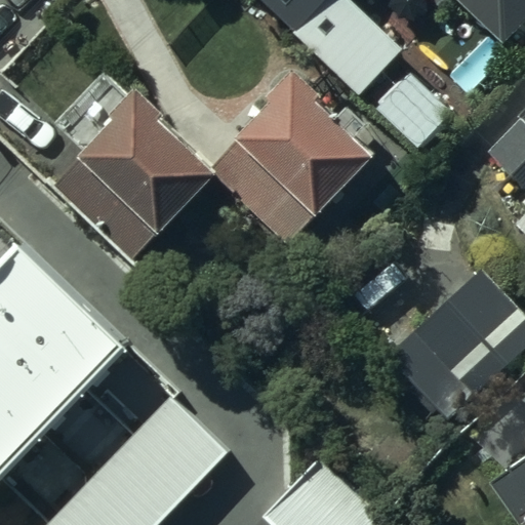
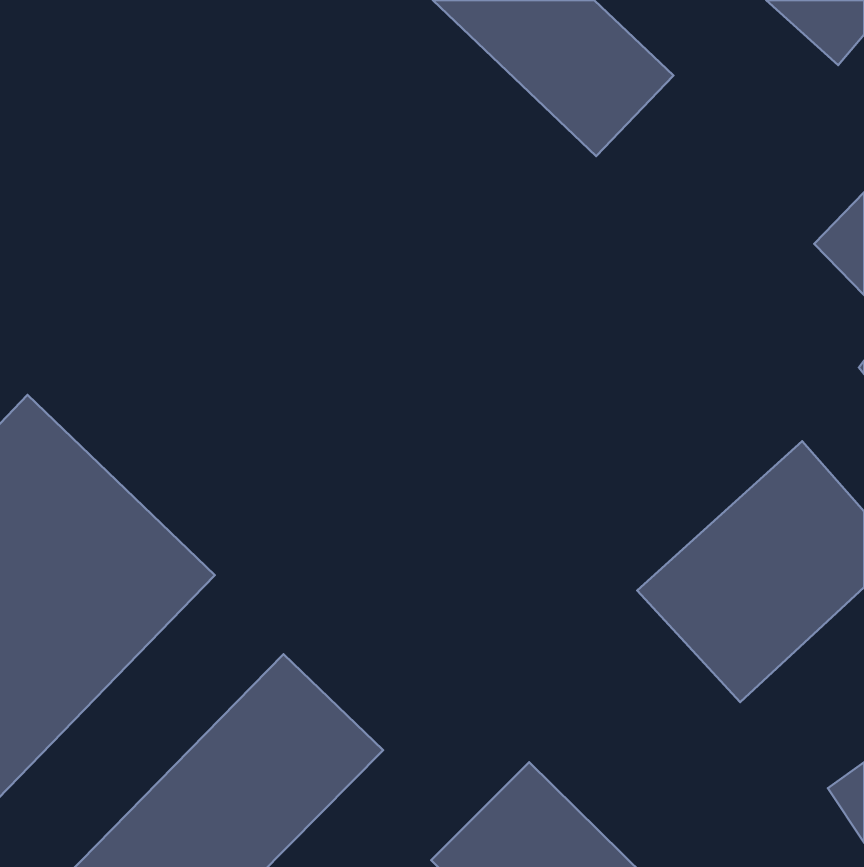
building: [233,70,374,218] -> none
building: [50,73,214,235] -> none

